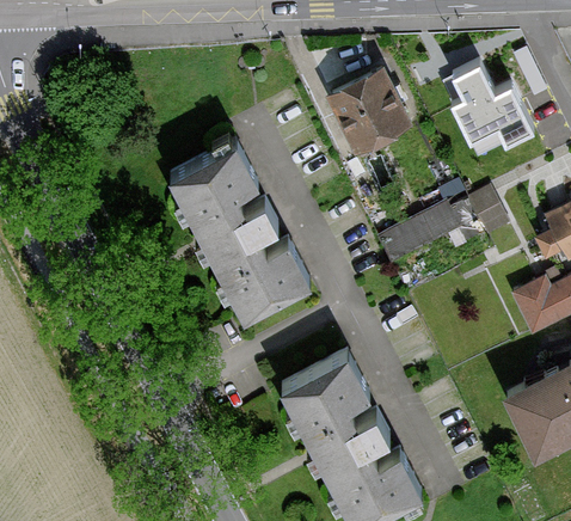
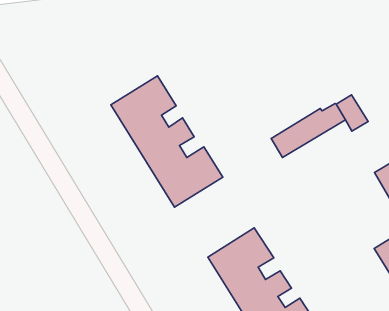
building: [325,67,410,153] -> none
building: [447,67,532,143] -> none

